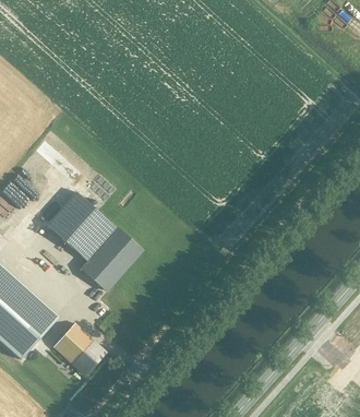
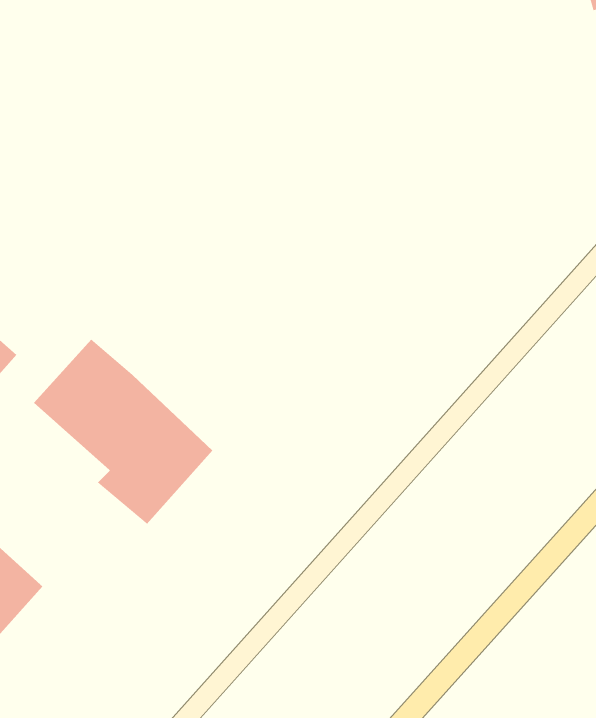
building: [55,321,107,372] -> none

